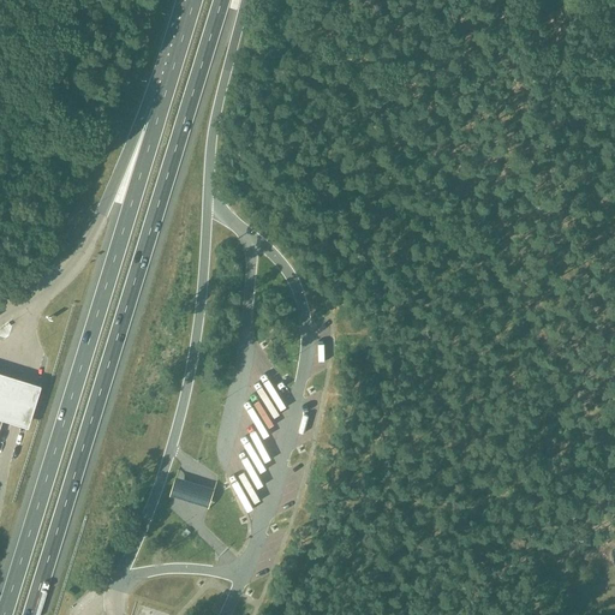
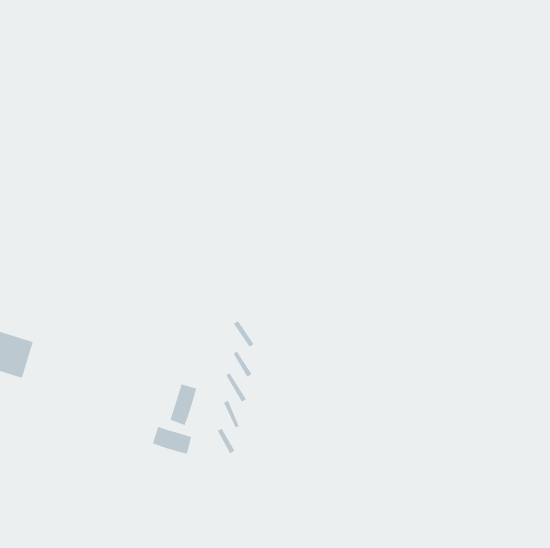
building: none -> [170,383,197,426]

